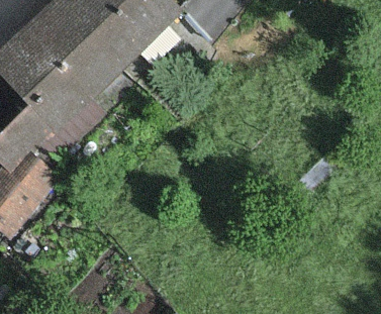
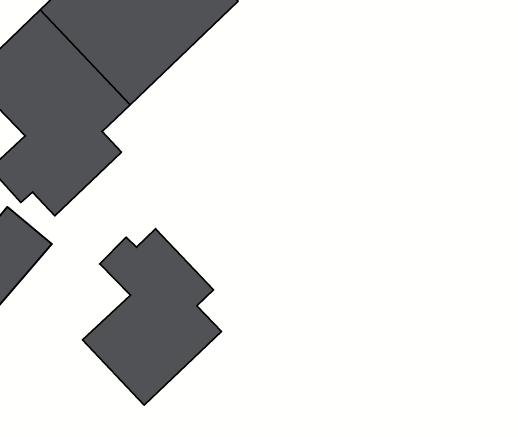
building: none -> [83,229,221,405]

